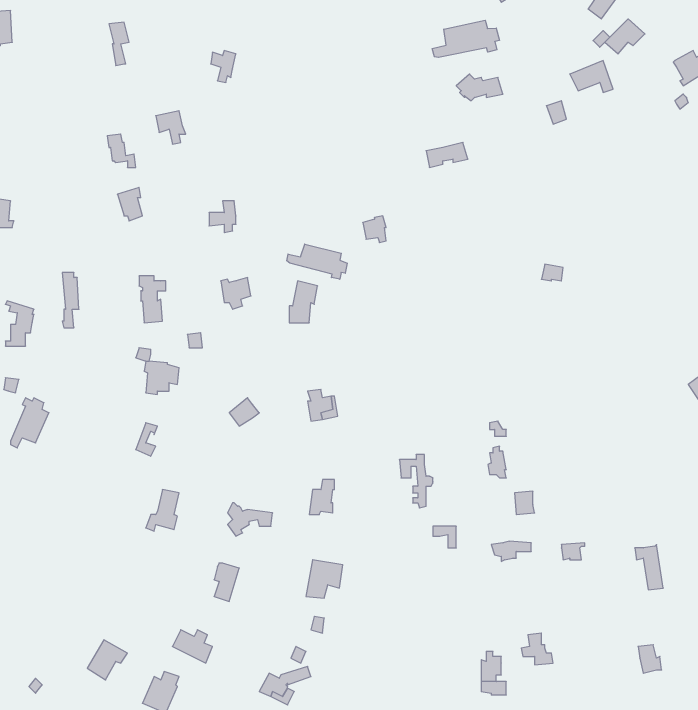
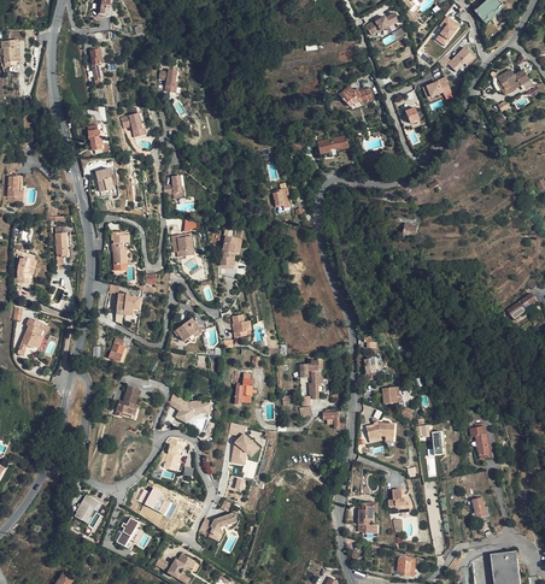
building: [432,20,499,57] -> none
building: [287,244,347,279] -> none

